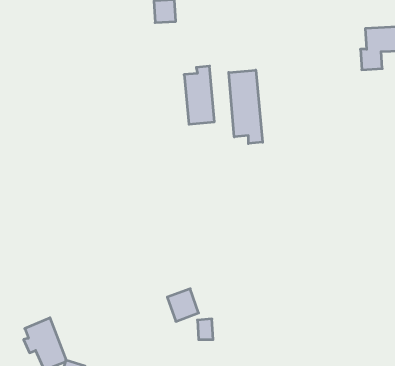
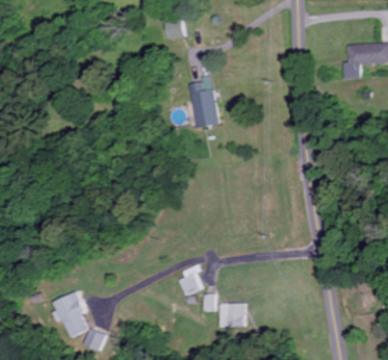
building: [229,70,263,144] -> none
building: none -> [219,303,245,328]

